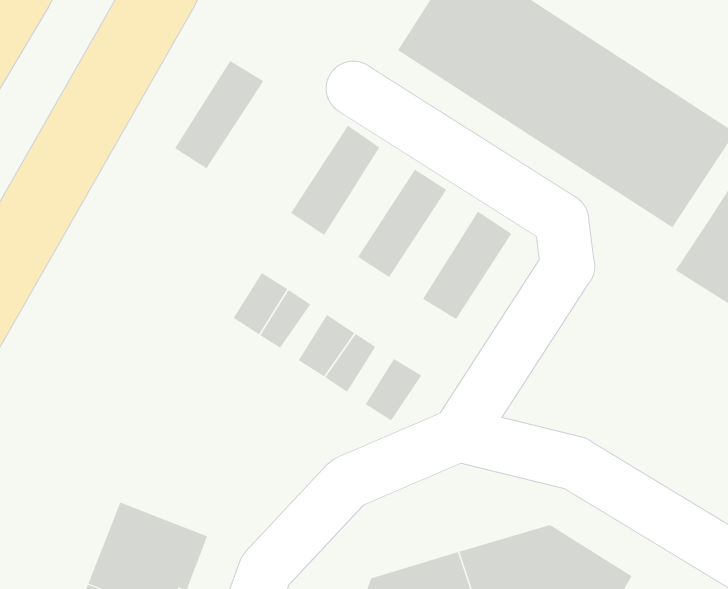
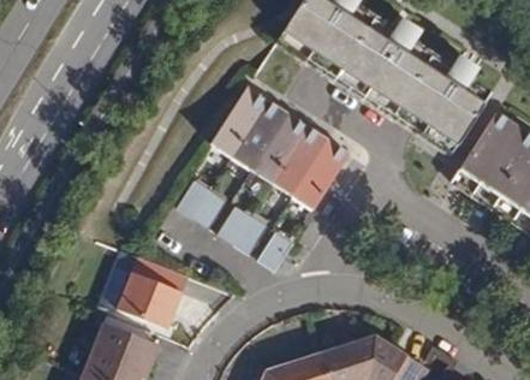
building: [174,60,264,169] -> [233,100,290,168]
building: none -> [274,126,329,195]
building: none -> [101,254,187,327]

